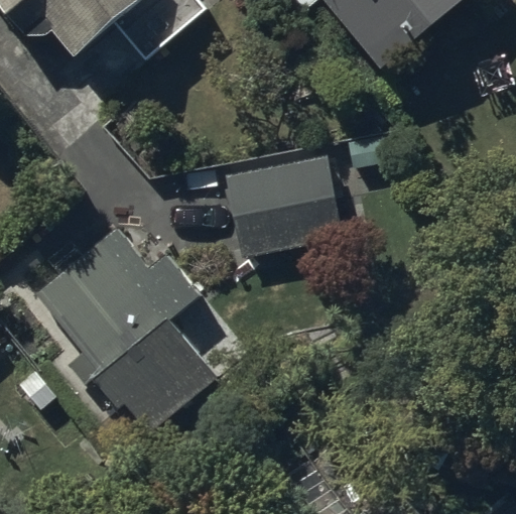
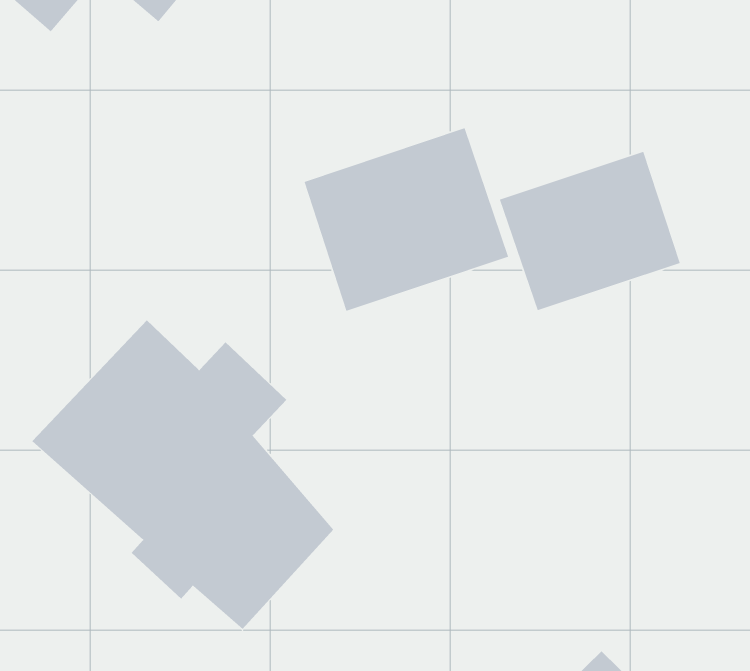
building: none -> [499,151,681,311]

